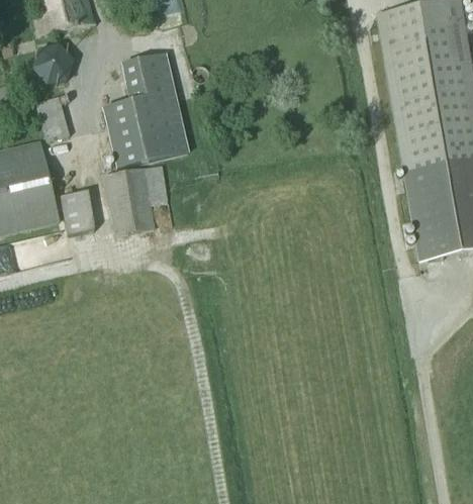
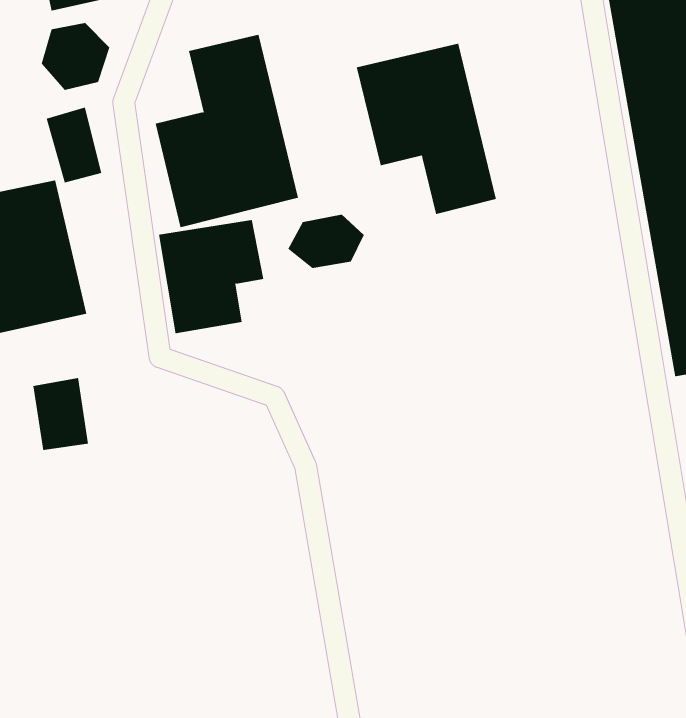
building: none -> [356,43,496,215]
building: none -> [287,214,364,269]
building: [61,188,95,232] -> [33,378,89,450]

